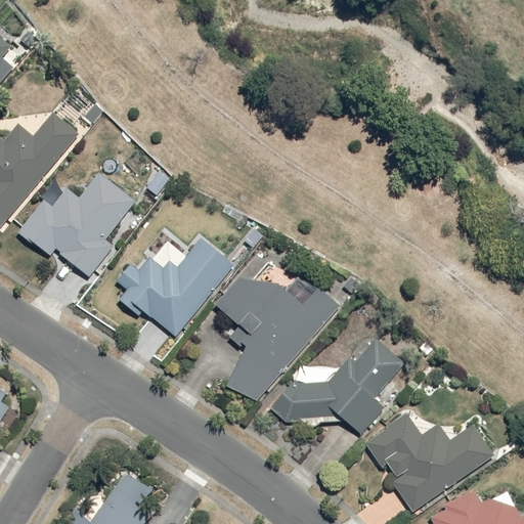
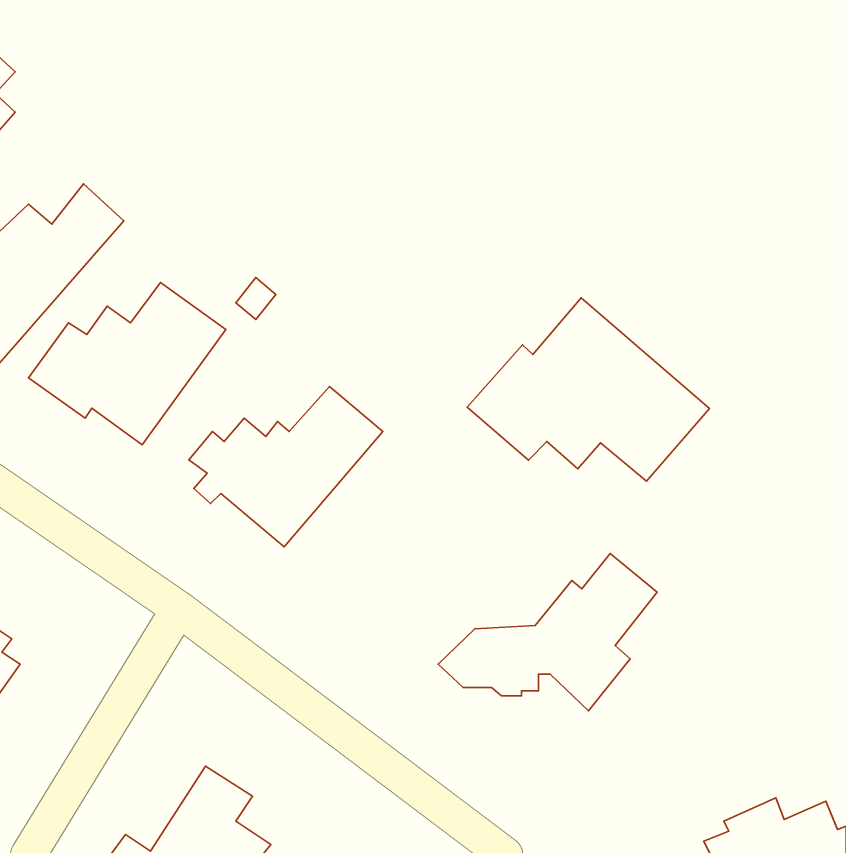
building: none -> [467,298,710,481]
building: [216,277,340,402] -> none
building: [364,413,493,515] -> none

